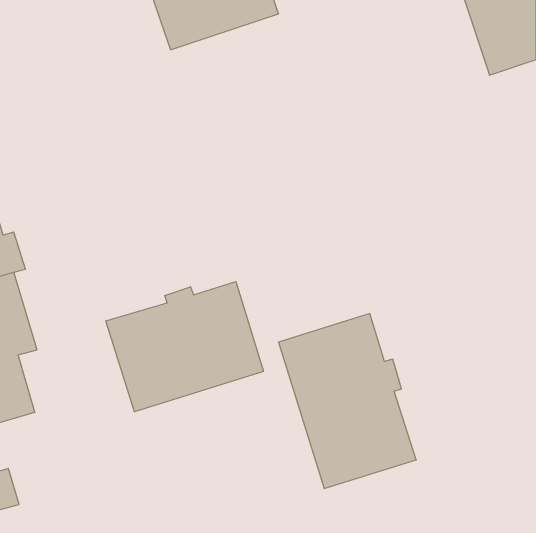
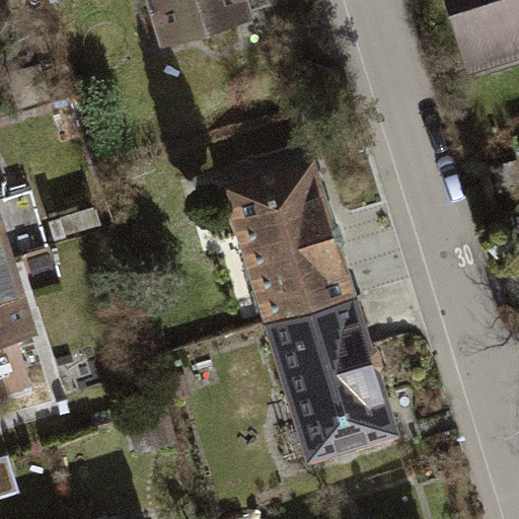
building: none -> [223,160,354,327]
building: [106,282,264,412] -> none

